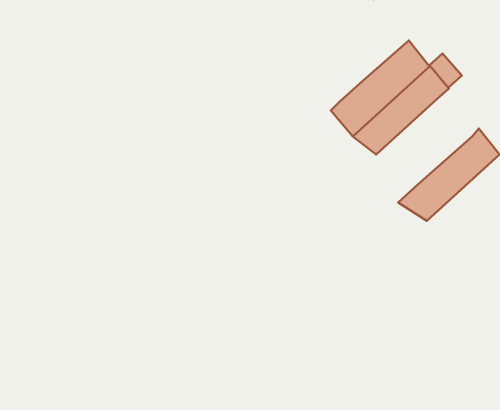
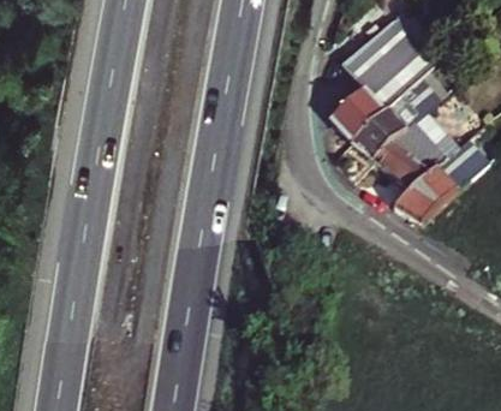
building: none -> [341,25,406,90]
building: none -> [374,107,463,186]

